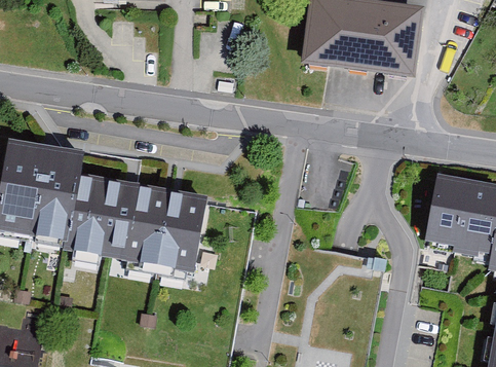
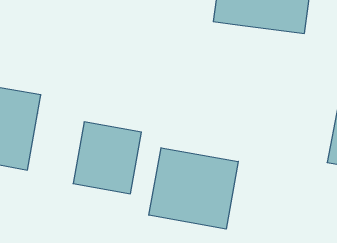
building: [68,174,139,259] -> none
building: none -> [149,148,238,229]

